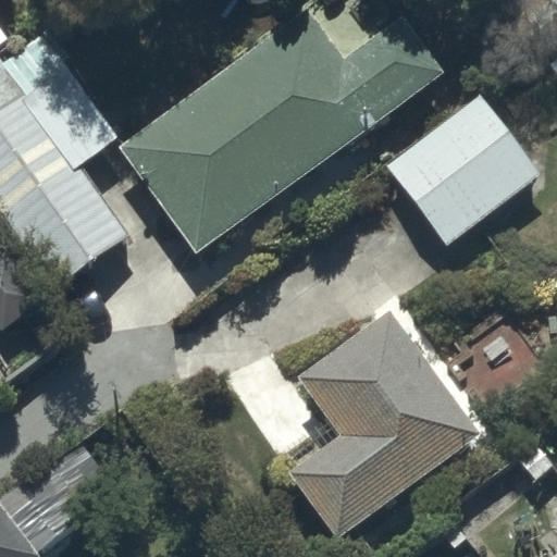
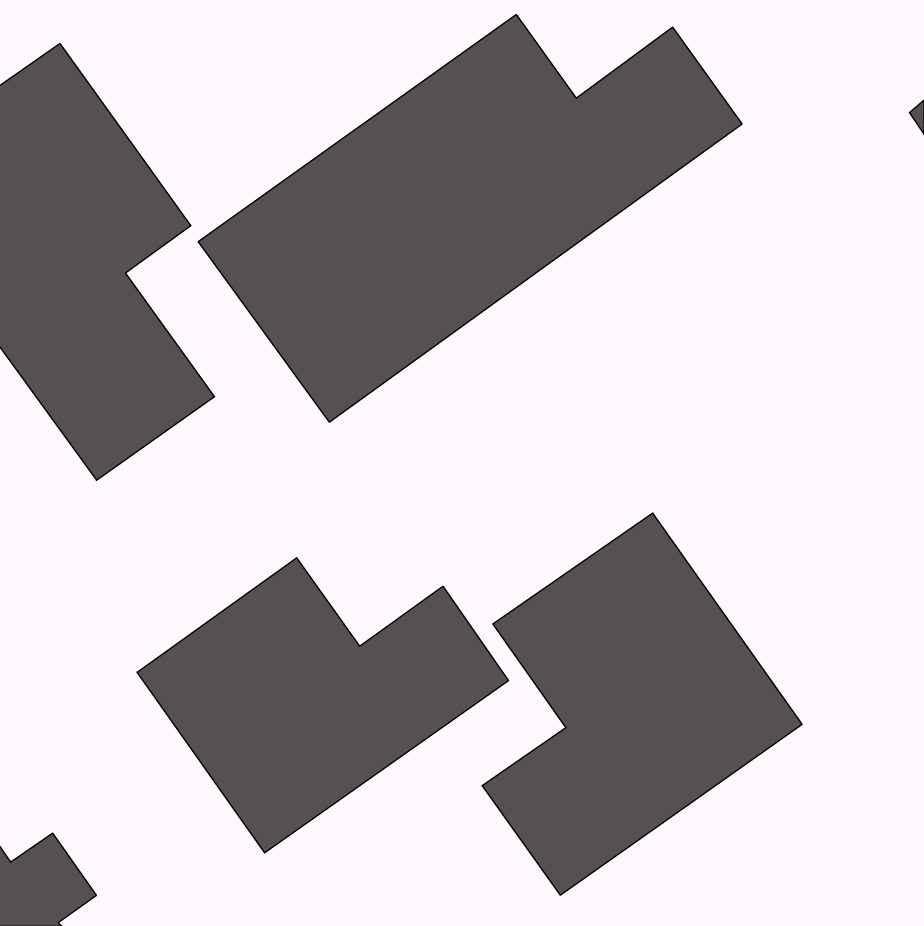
building: [386,95,539,246] -> none
building: none -> [137,558,508,853]

